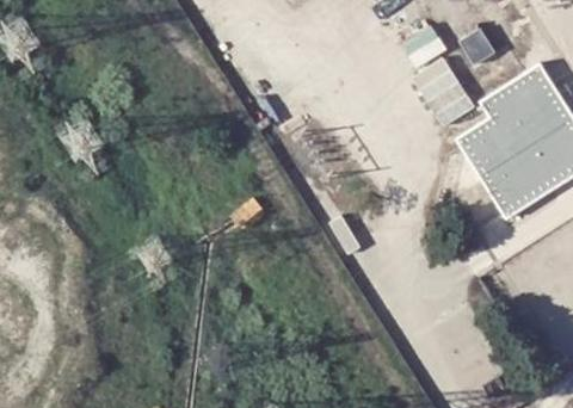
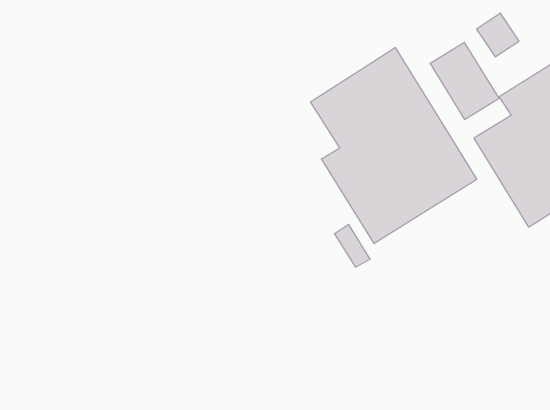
building: none -> [310,47,477,244]

